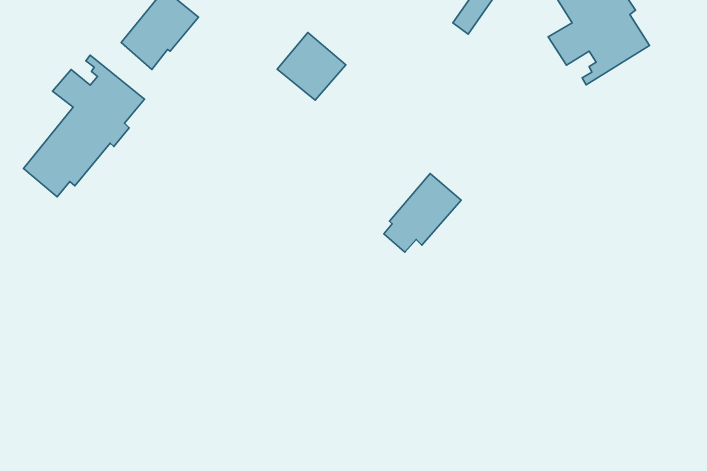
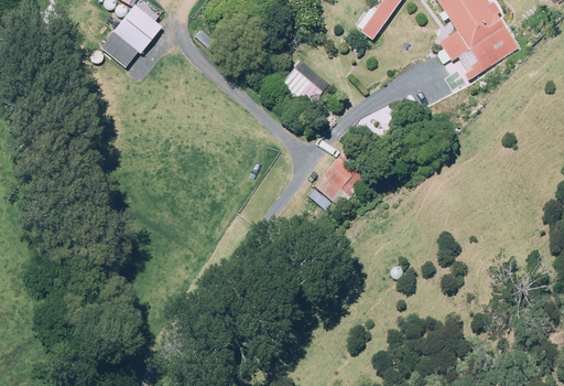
building: [277,33,346,100] -> [276,60,330,112]
building: [23,55,144,197] -> none

